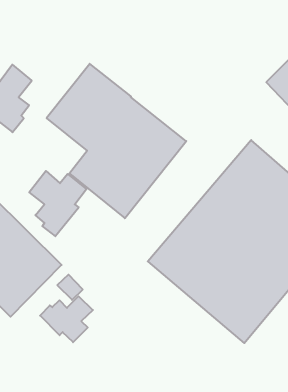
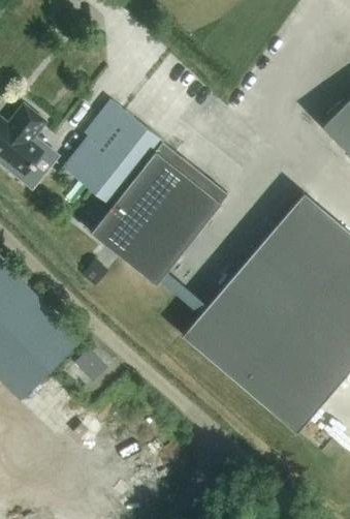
building: [29,171,87,236] -> none
building: [40,296,93,342] -> none

